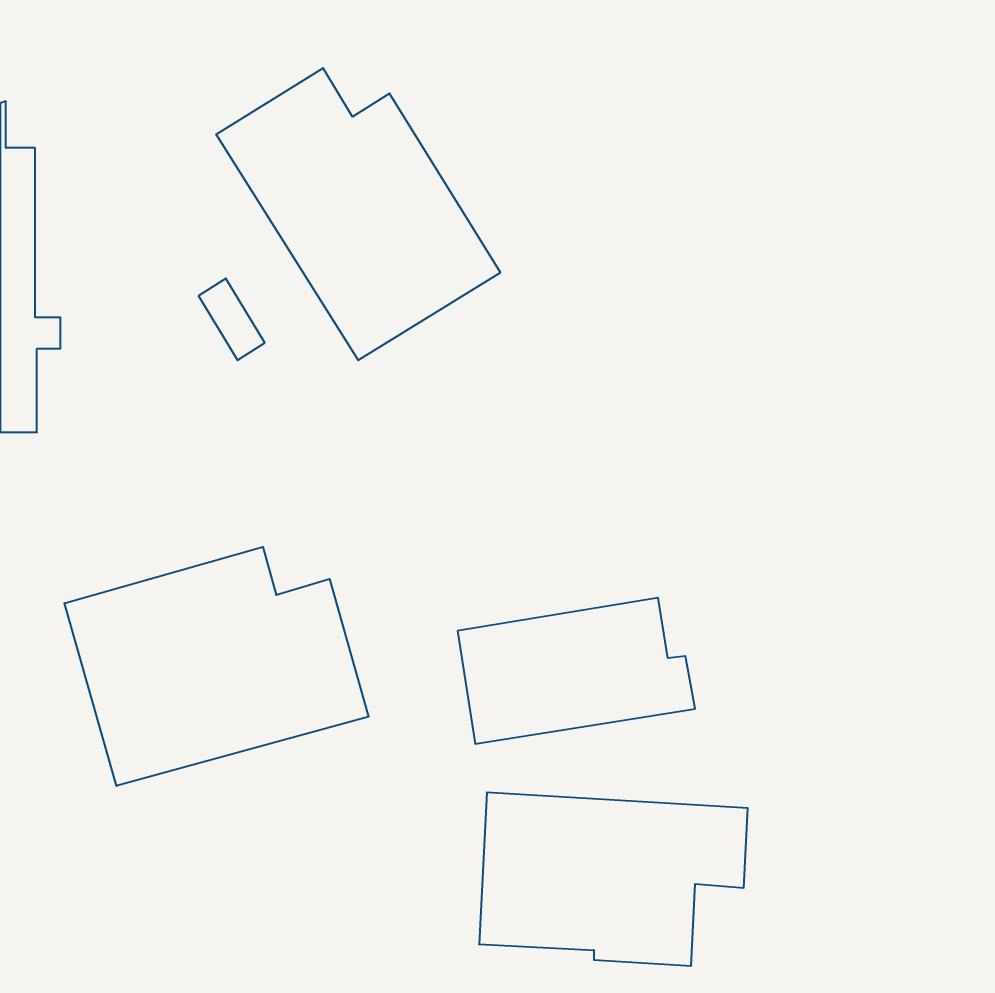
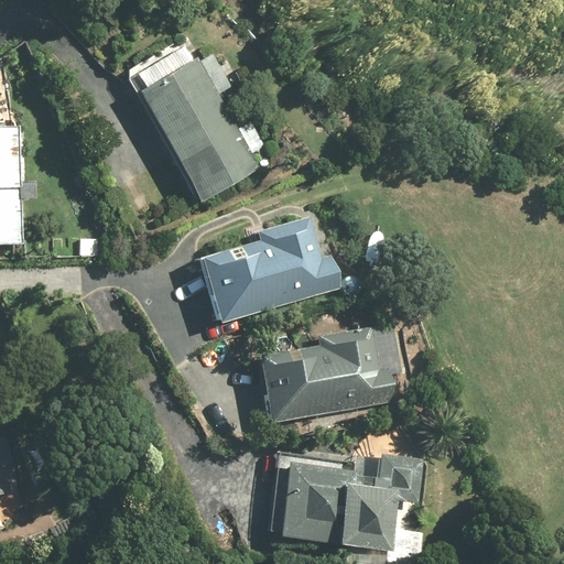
building: none -> [197,218,339,323]
building: [64,547,369,786] -> none

